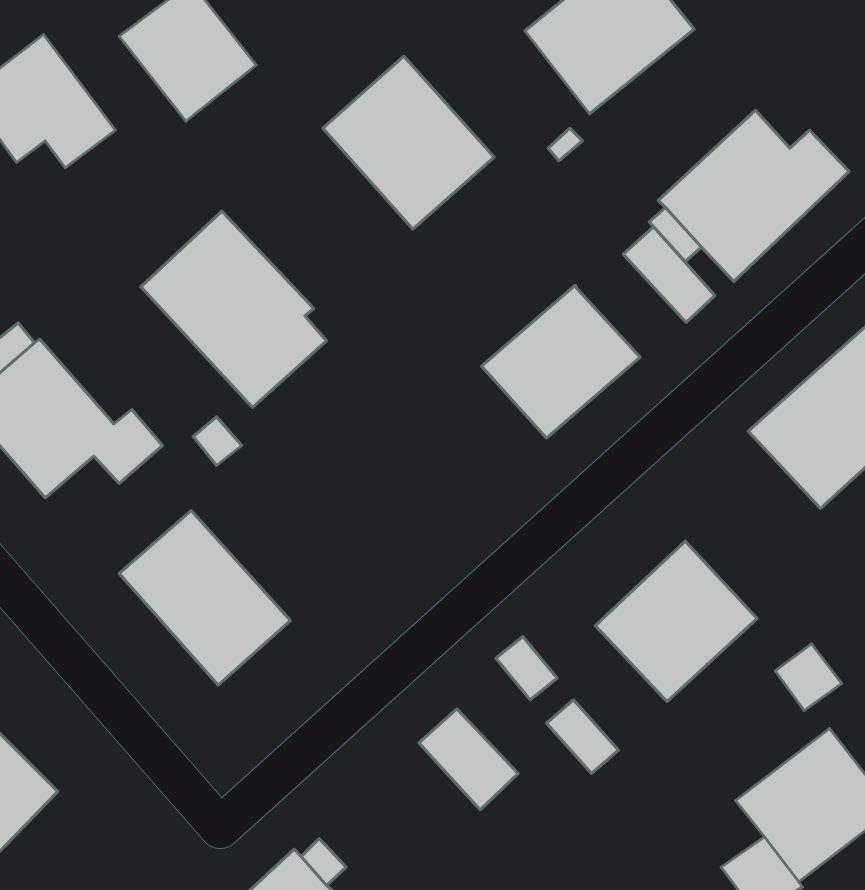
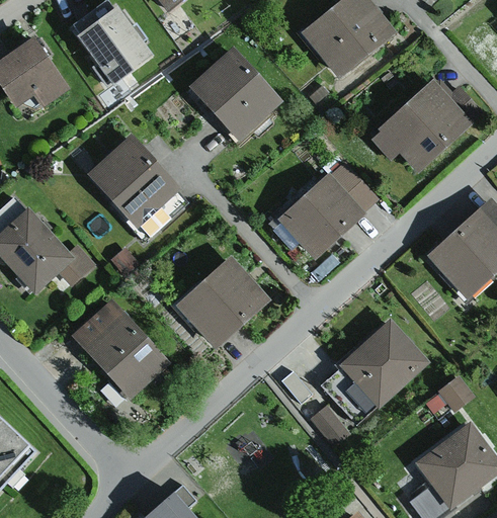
building: [623,227,715,323] -> [330,161,382,214]
building: none -> [174,257,267,348]
building: [419,709,518,810] -> [323,369,379,426]

